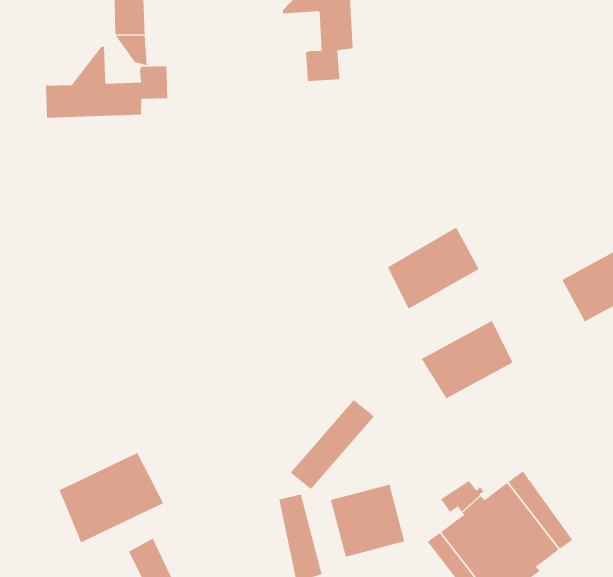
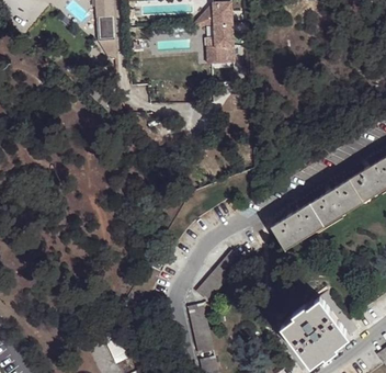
building: [46,46,168,118] -> none
building: [387,227,479,310] -> [310,179,363,226]
building: [59,452,164,543] -> none
building: [330,484,405,558] -> none

